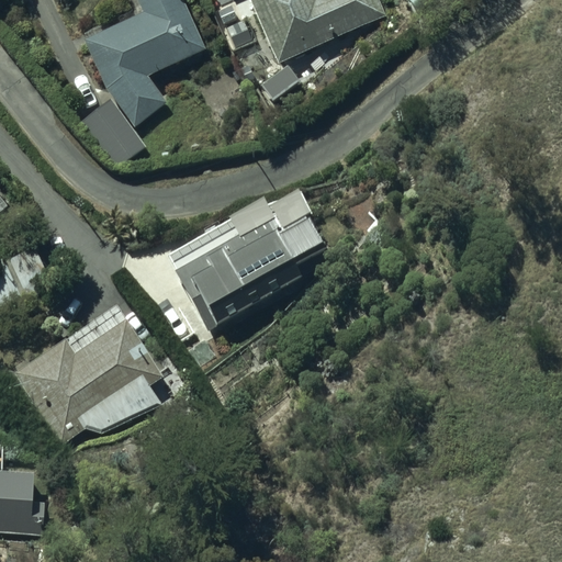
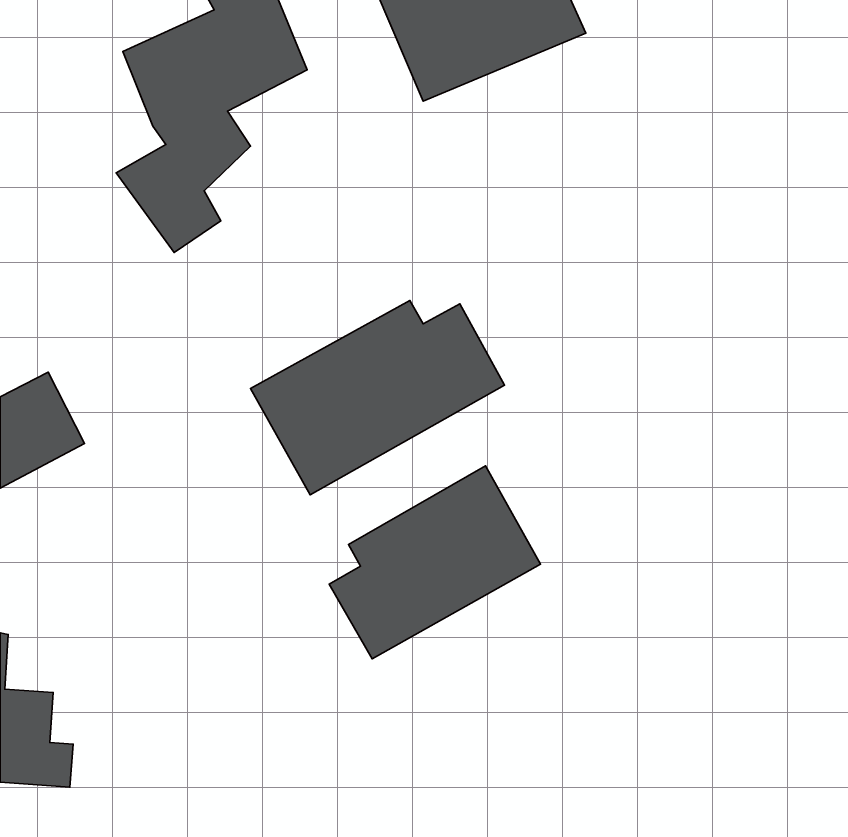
building: none -> [329,466,541,659]
building: [20,311,156,443] -> none

